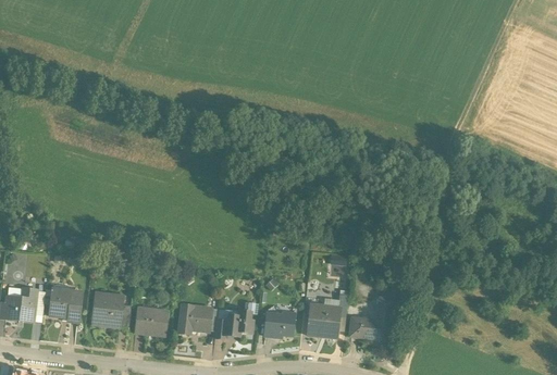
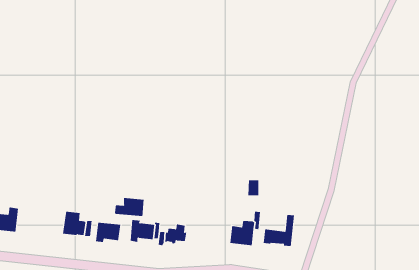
building: none -> [114,197,144,217]
building: [49,289,82,322] -> none
building: [264,314,294,336] -> none

